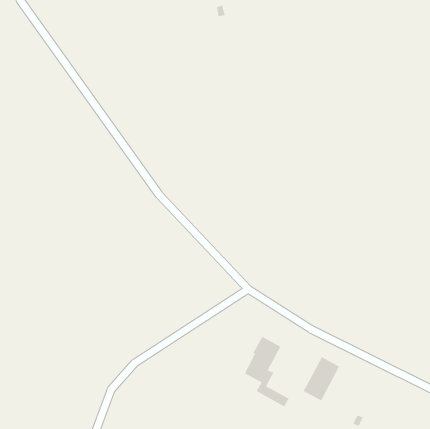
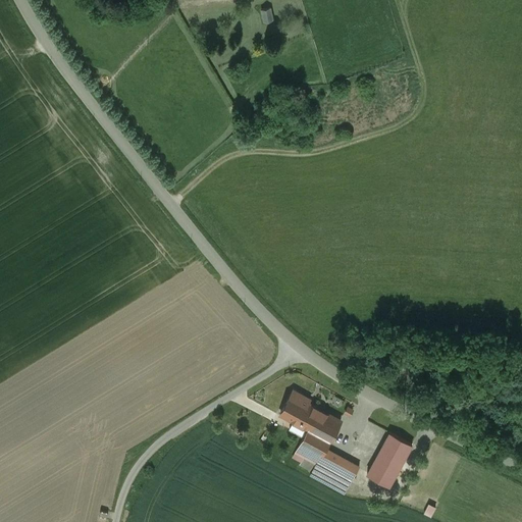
building: none -> [280,390,317,429]
building: none -> [323,453,359,484]

